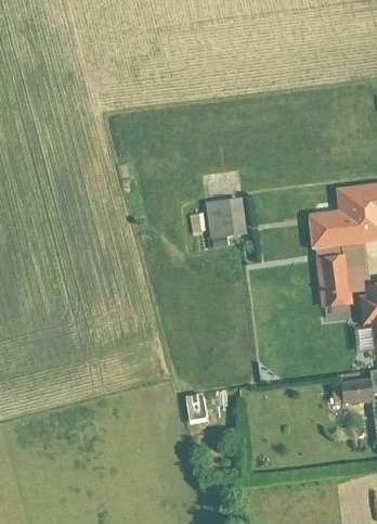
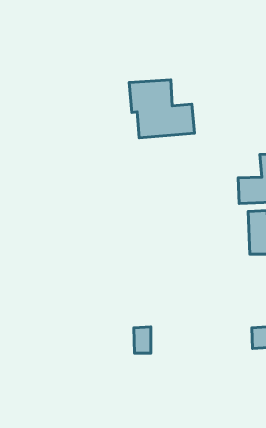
building: none -> [129,80,194,138]
building: [206,194,244,237] -> none

